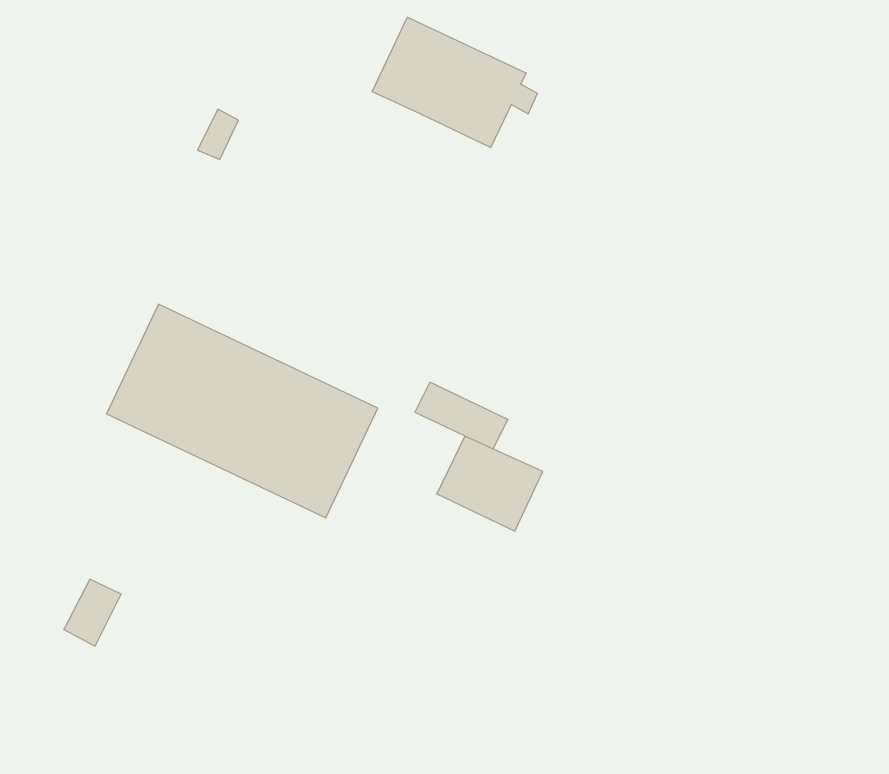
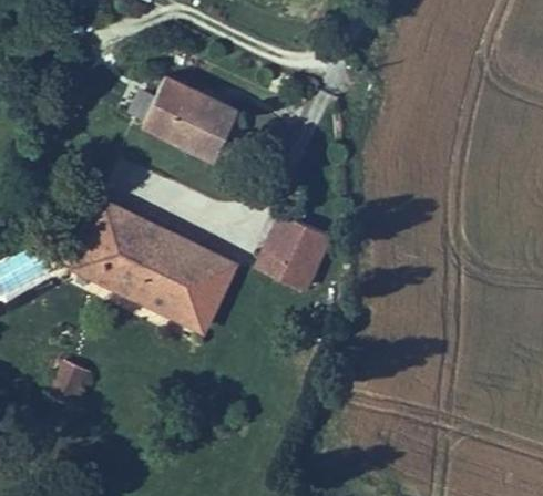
building: [372,17,537,147] -> [143,80,242,157]
building: [437,436,543,531] -> [266,216,329,272]

